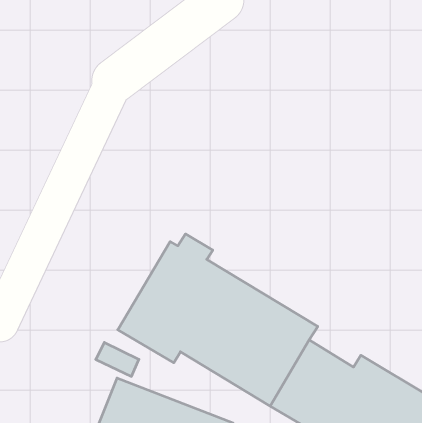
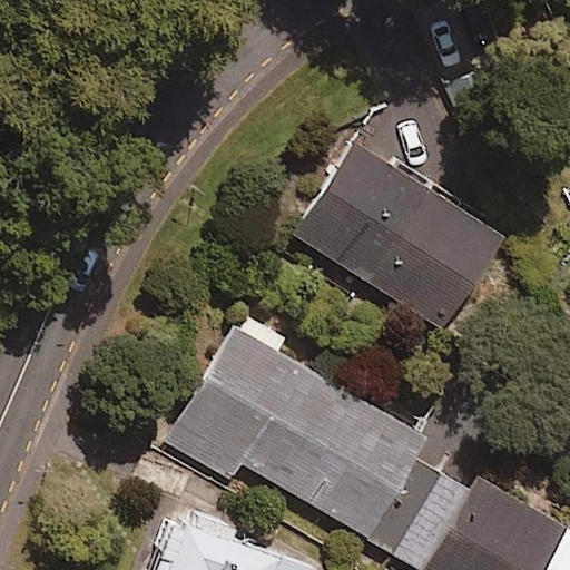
building: none -> [296,142,501,327]

